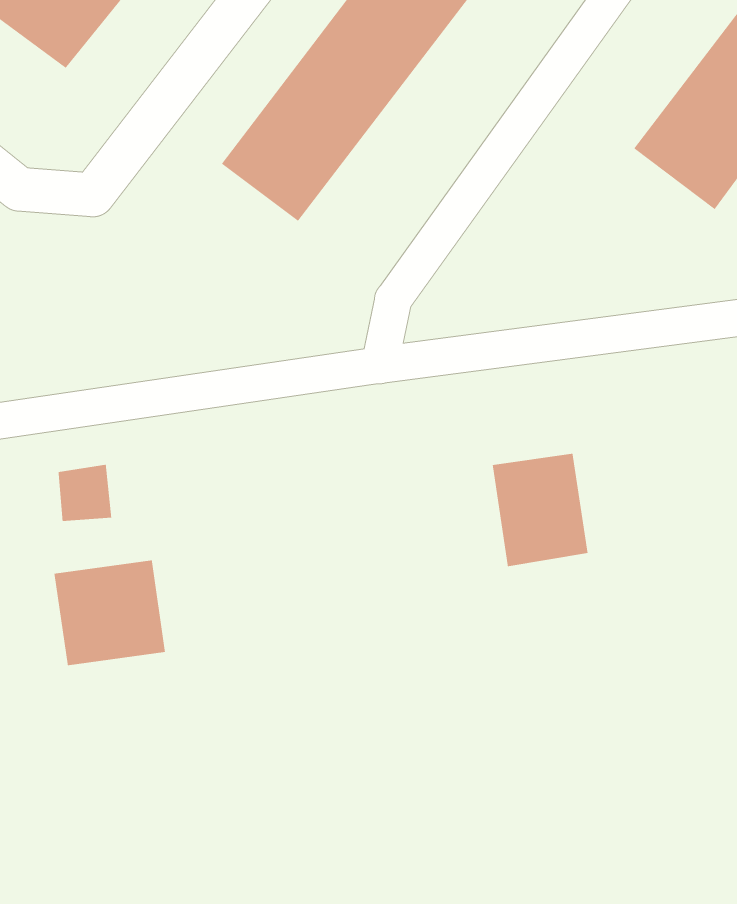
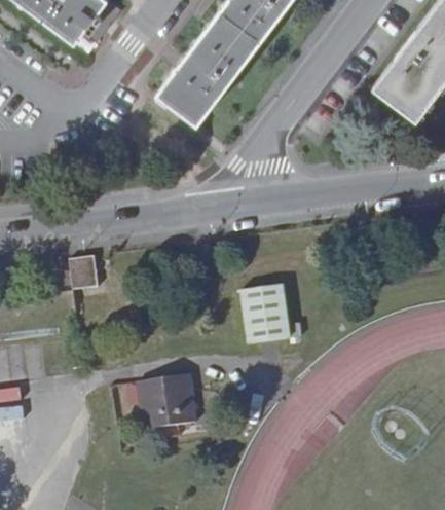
building: [492,453,589,567] -> [240,284,292,344]
building: [54,560,166,666] -> [137,374,196,431]

